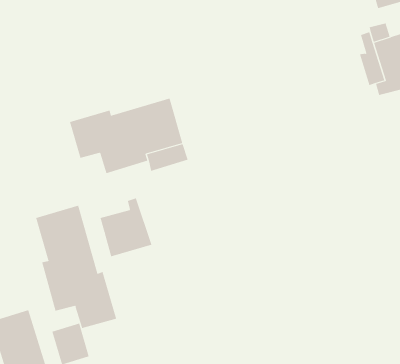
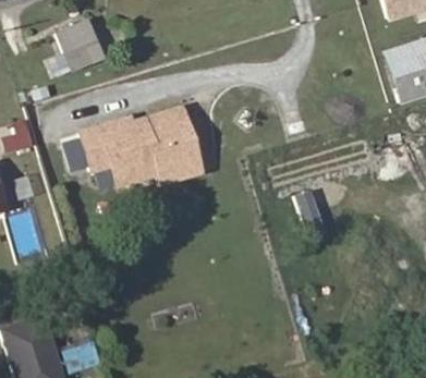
building: none -> [61,23,101,69]
building: [100,198,152,257] -> none
building: [36,205,117,329] -> none

